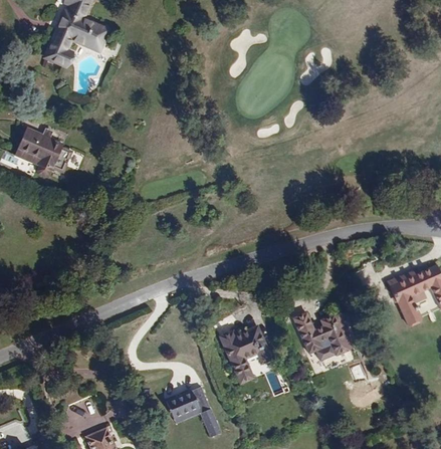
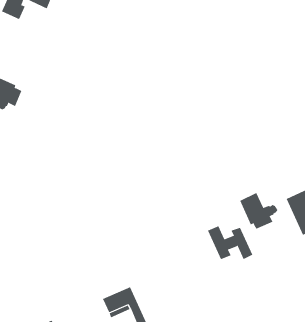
building: none -> [239,192,278,230]
building: [219,325,270,384] -> none

